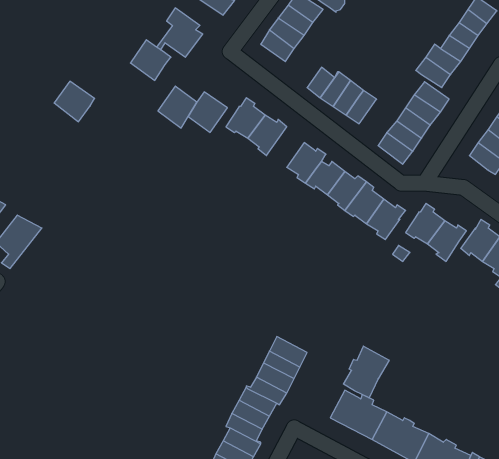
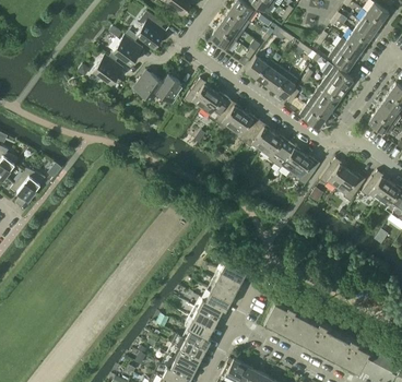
building: [54,81,95,122] -> [94,55,125,85]
building: none -> [216,100,245,131]
building: [343,346,389,398] -> none

